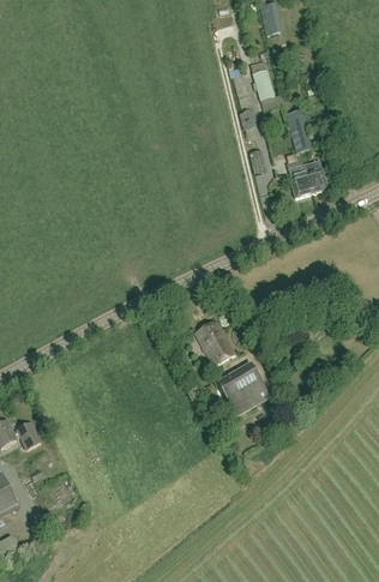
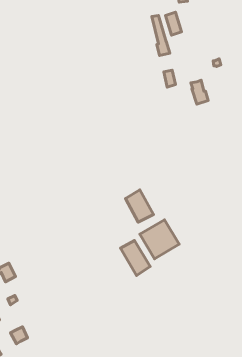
building: [285,109,313,152] -> none
building: [302,160,329,193] -> none
building: none -> [120,241,150,275]

